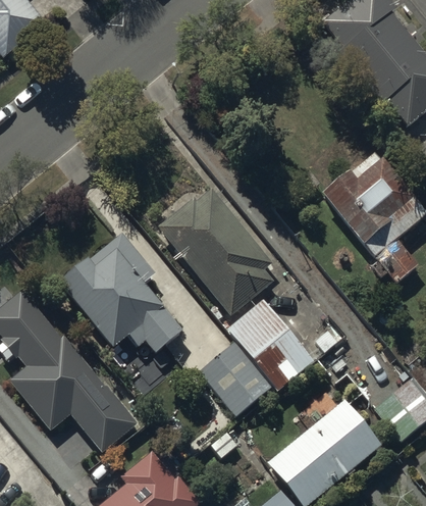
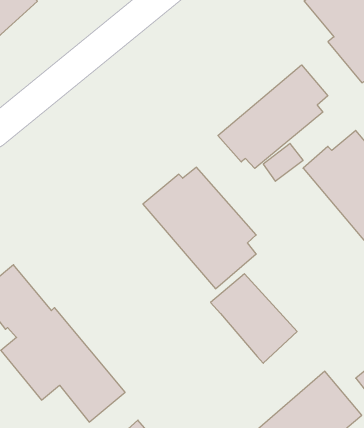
building: none -> [218,65,328,168]
building: [57,233,181,354] -> none
building: [198,341,273,417] -> none

